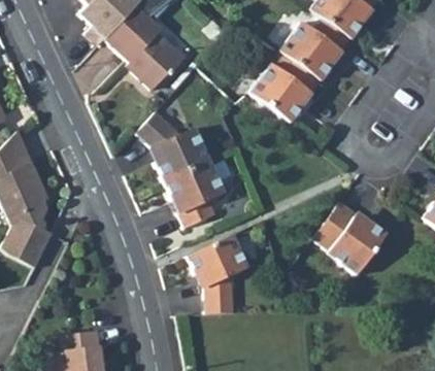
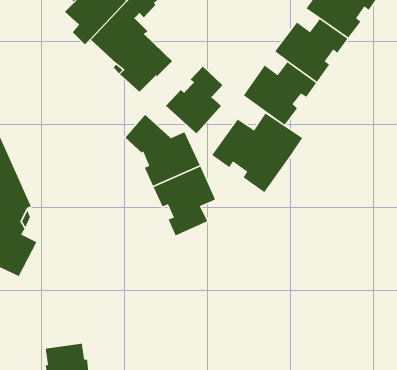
building: none -> [165,66,223,134]
building: none -> [211,112,303,193]
building: [313,200,387,274] -> none
building: [187,234,247,313] -> none

